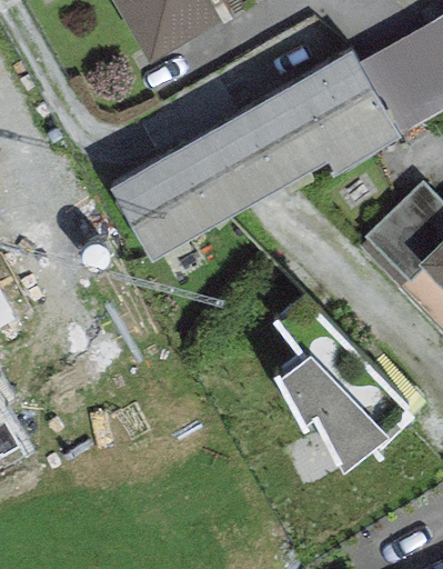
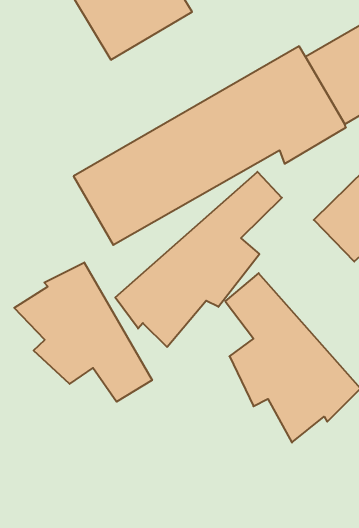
building: none -> [115,172,282,347]
building: none -> [14,262,152,402]

